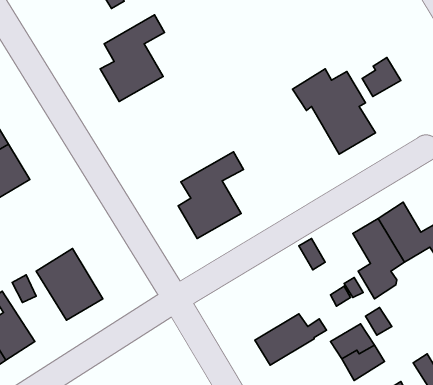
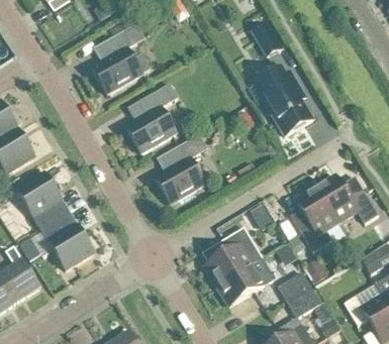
building: none -> [253,21,282,54]
building: [362,58,401,96] -> none
building: none -> [125,82,177,152]
building: none -> [16,170,70,229]
building: none -> [204,226,262,284]

